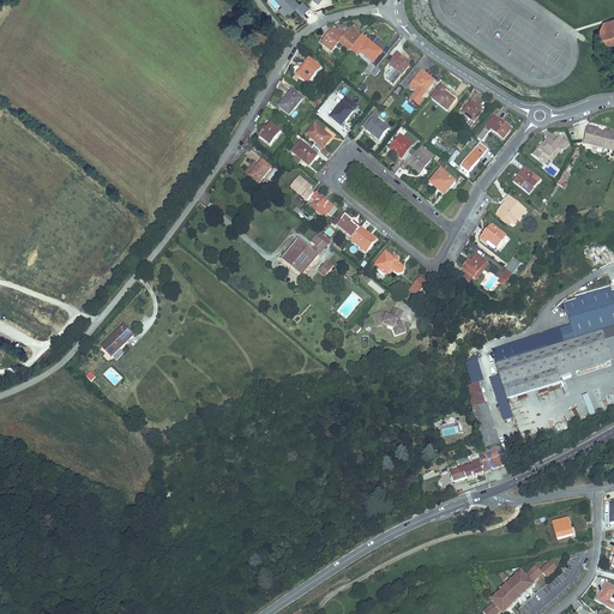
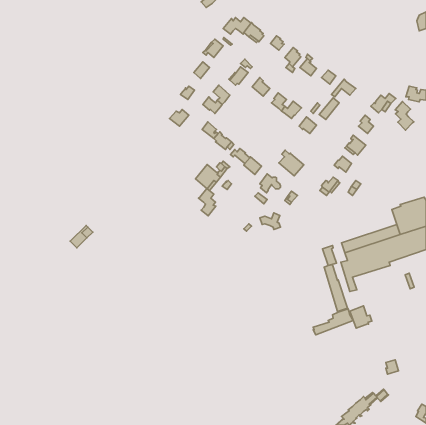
building: none -> [395,102,414,130]
building: none -> [279,150,304,176]
building: none -> [198,188,216,216]
building: none -> [350,306,372,328]

